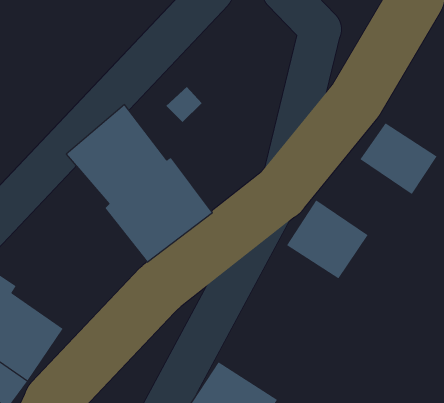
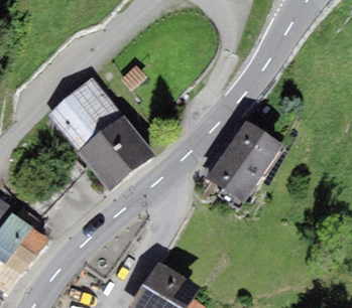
building: [360,122,438,195] -> [227,120,282,171]

